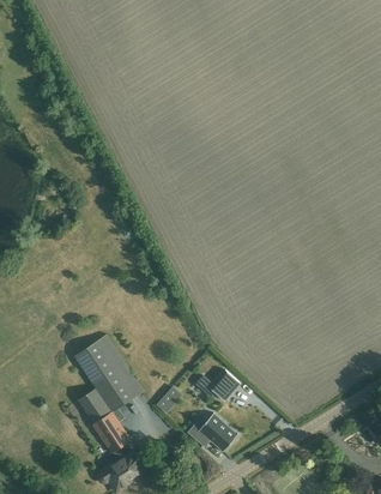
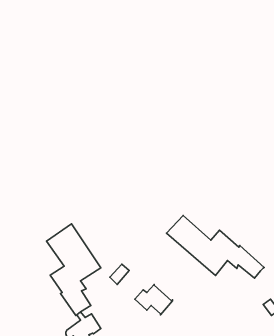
building: none -> [167,215,264,278]
building: [196,369,240,400] -> none

